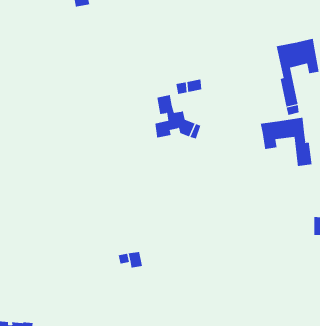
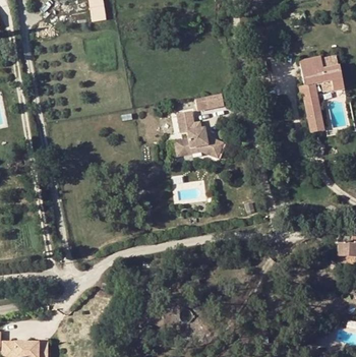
building: [260,117,312,167] -> none

